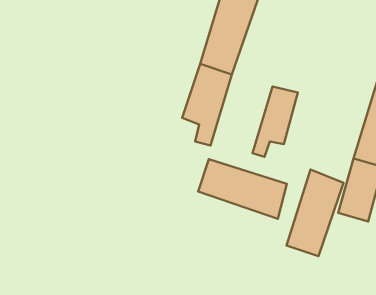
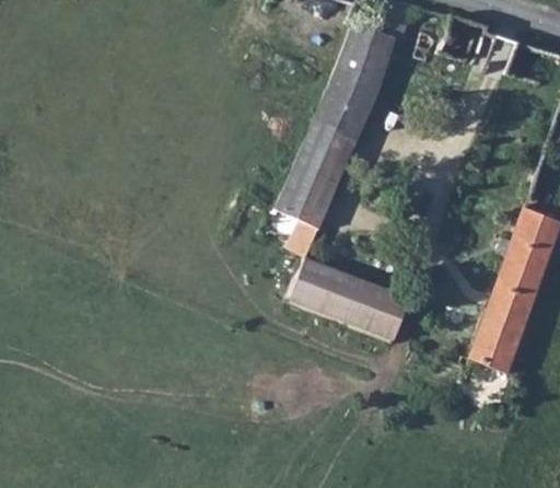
building: [253,86,298,157] -> none
building: [286,169,343,256] -> none

